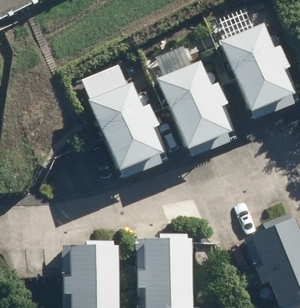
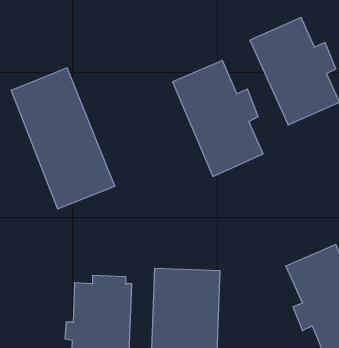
building: [81,60,168,178] -> [11,68,115,209]

